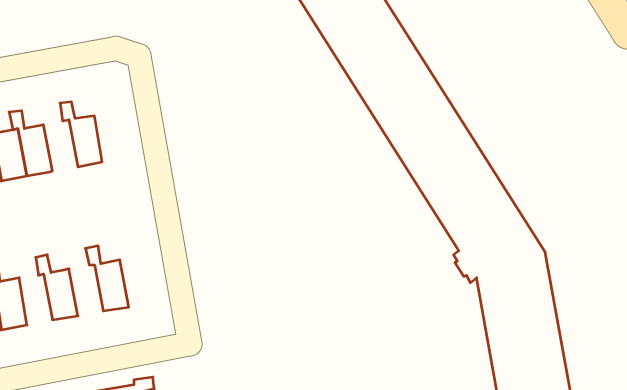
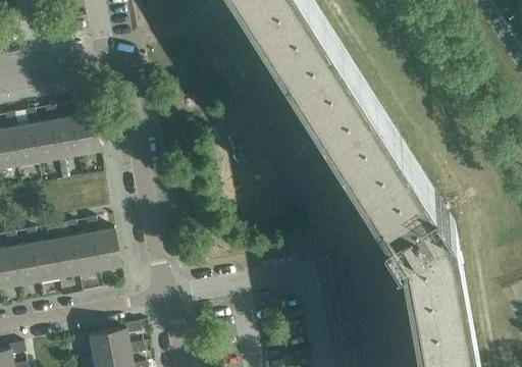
building: none -> [40,107,74,180]
building: none -> [60,223,95,275]
building: none -> [20,230,54,282]

